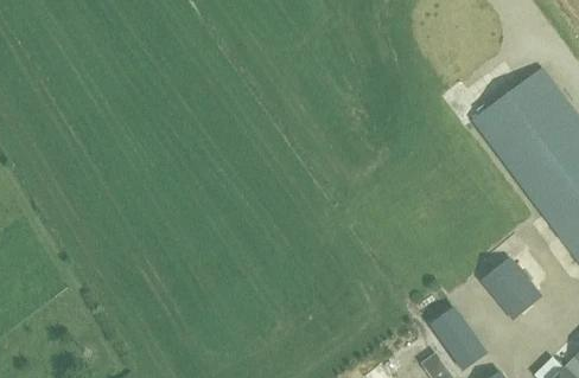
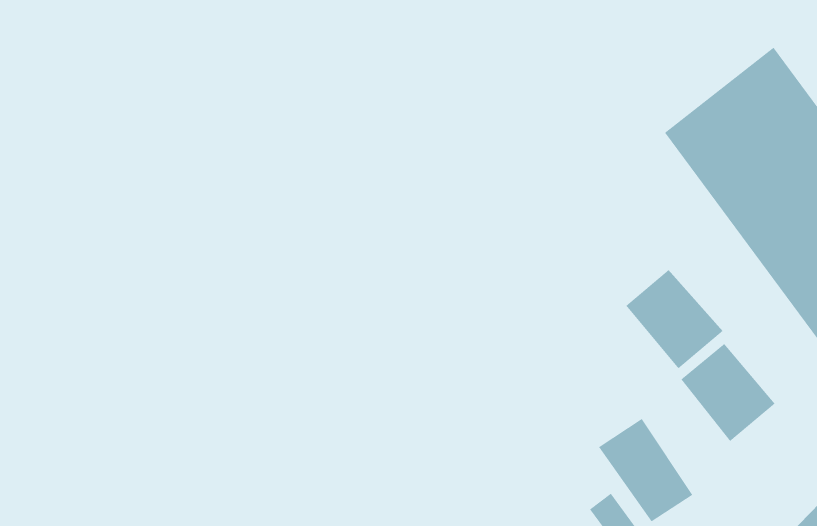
building: none -> [626,269,724,369]

